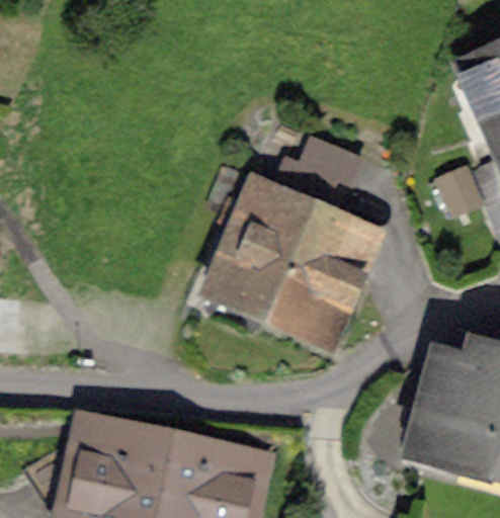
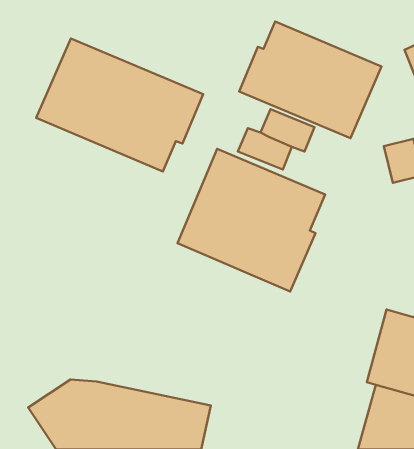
building: none -> [239,22,381,138]
building: none -> [36,39,203,172]

